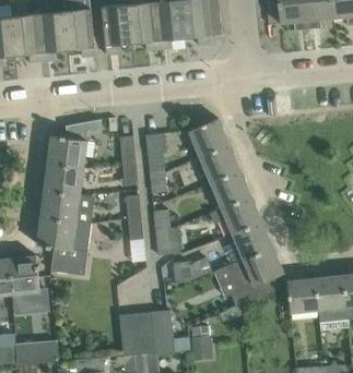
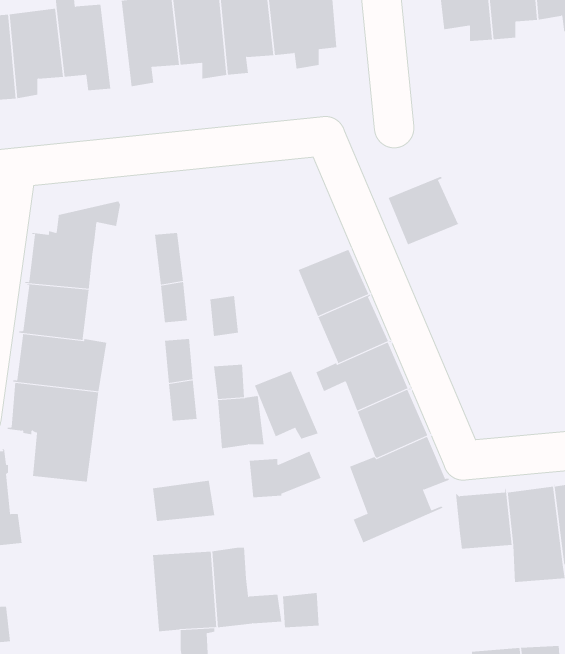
building: [188,118,228,156] -> [388,176,460,245]
building: [145,133,166,172] -> none
building: none -> [254,370,319,440]

